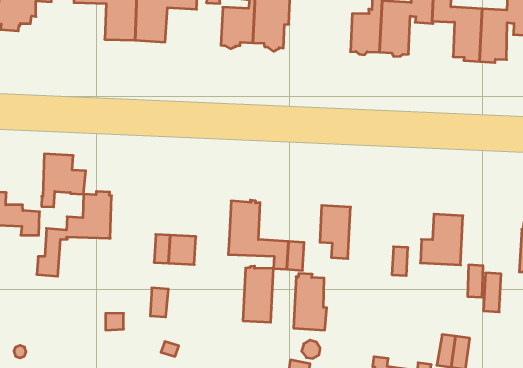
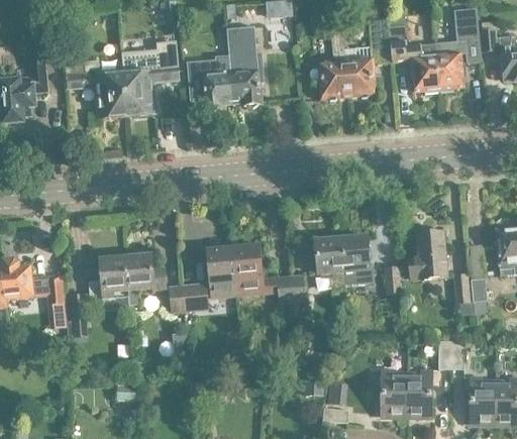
building: [42,154,86,207] -> [124,254,165,304]
building: [243,266,274,322] -> [207,246,236,297]
building: [294,274,327,330] -> [340,233,373,284]

